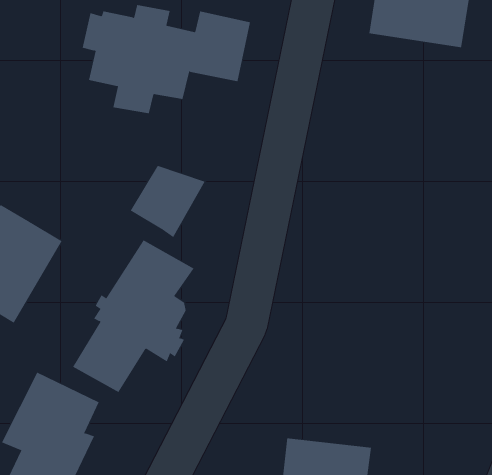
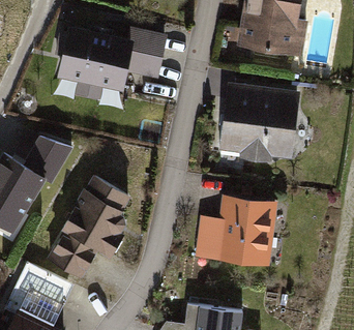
building: none -> [217,87,294,159]
building: [130,165,206,238] -> [22,138,70,184]
building: none -> [198,202,270,262]

